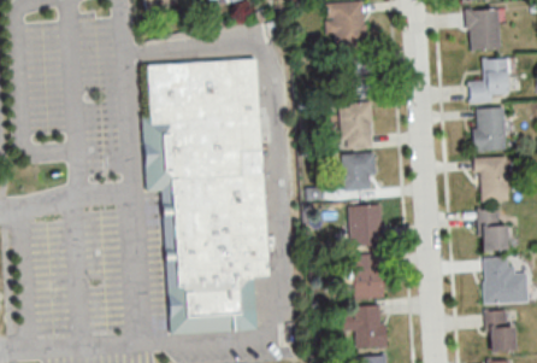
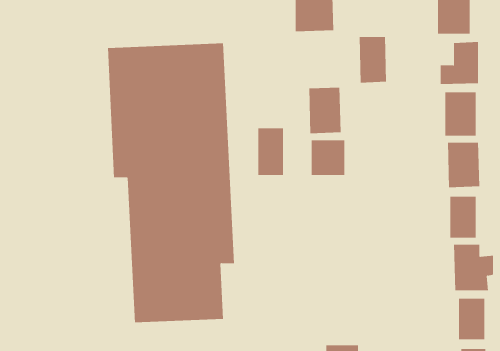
building: [344,53,372,99] -> [359,37,387,83]
building: none -> [258,128,284,176]
building: [349,204,383,247] -> none
building: [353,254,383,298] -> none
building: [341,305,386,349] -> none

